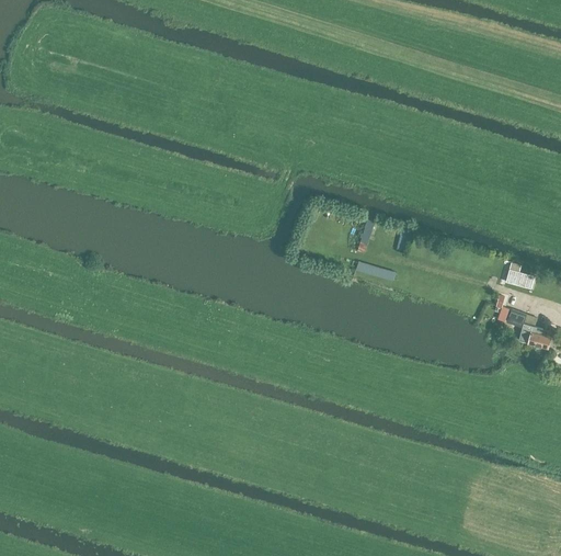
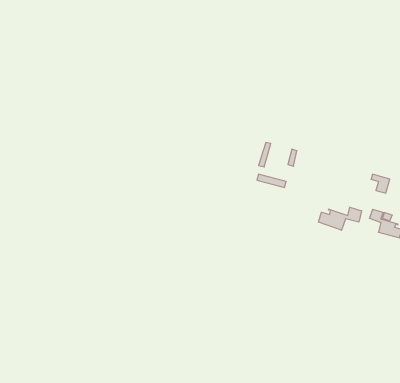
building: none -> [318,207,362,230]

